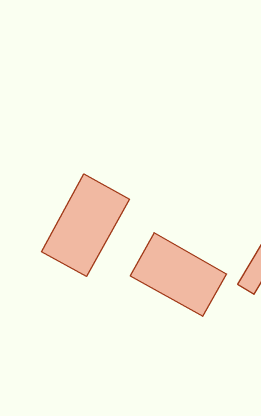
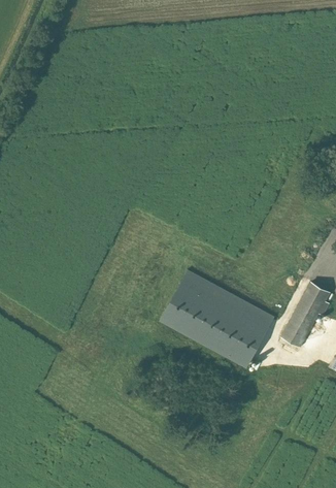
building: [42,174,129,276] -> none

